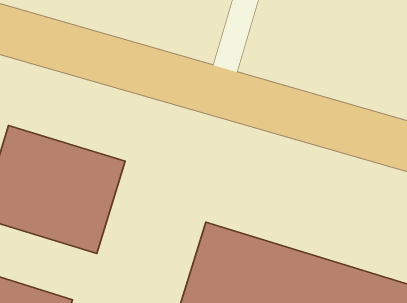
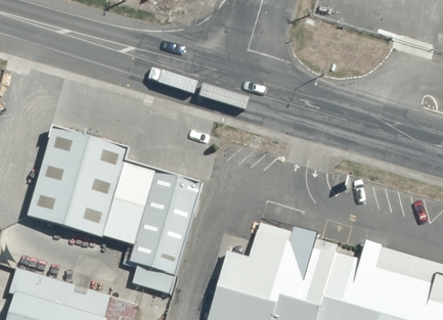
building: none -> [130,161,208,284]

